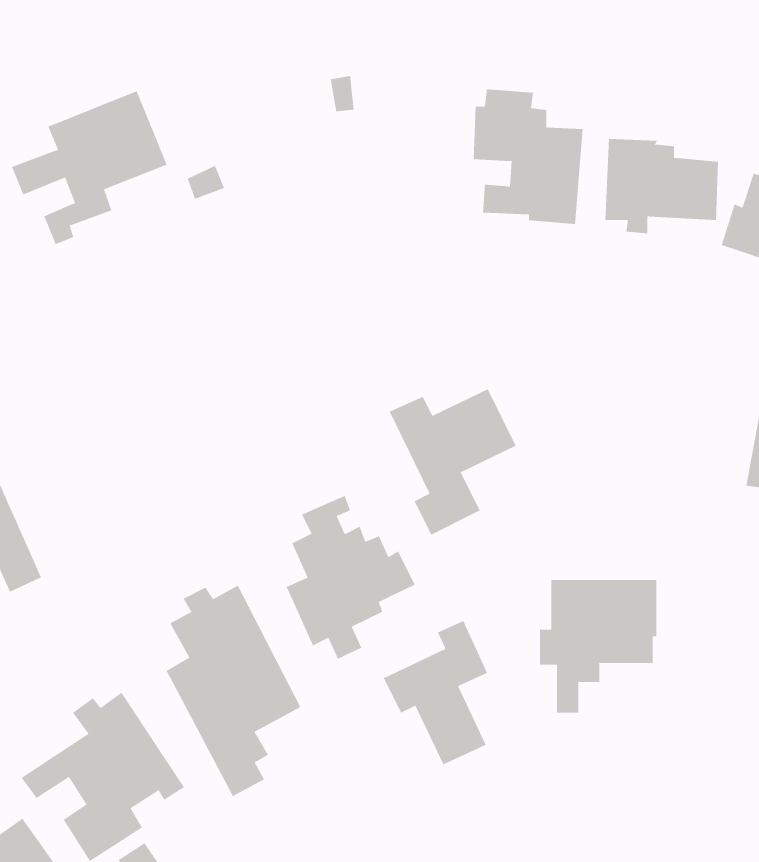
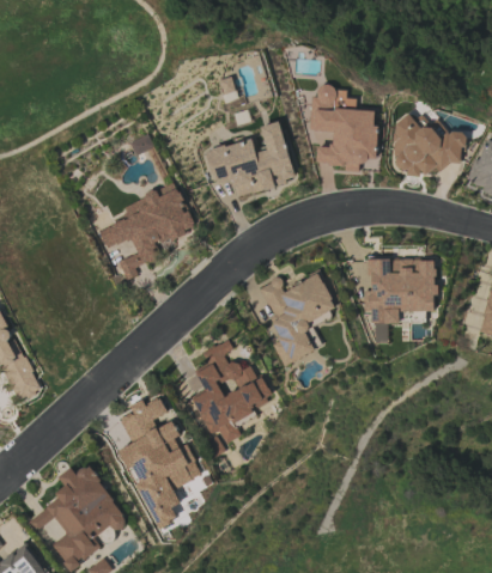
building: [11,90,168,245] -> [97,183,195,280]
building: none -> [206,121,296,196]
building: [539,579,657,713] -> [362,260,436,343]
building: [383,620,488,765] -> none

